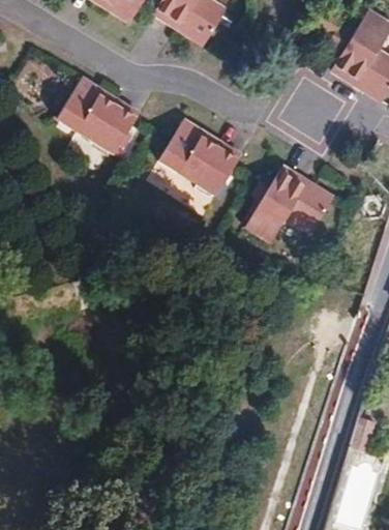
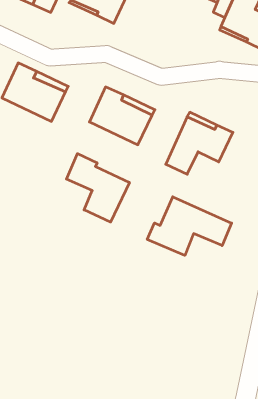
building: none -> [66,154,129,222]
building: none -> [147,197,232,255]

